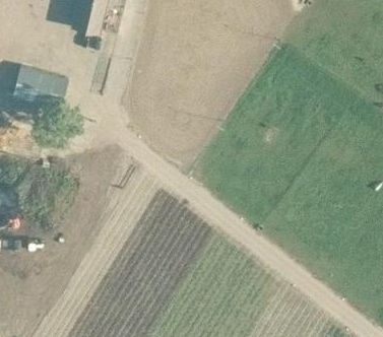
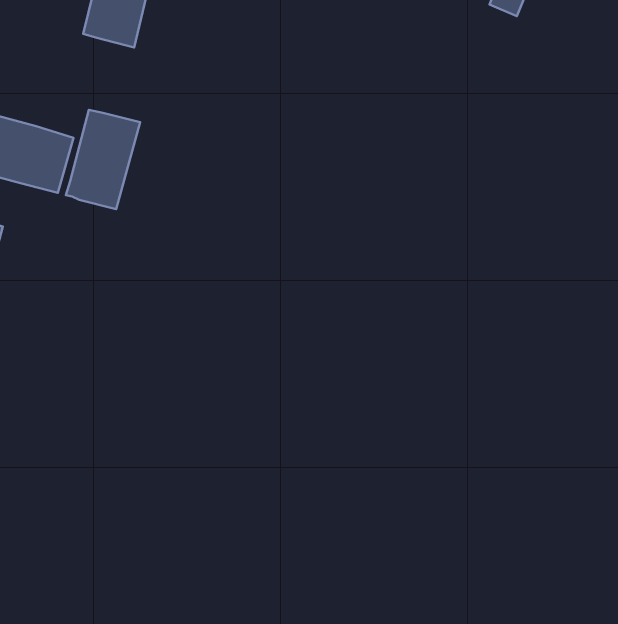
building: none -> [66,110,140,209]

